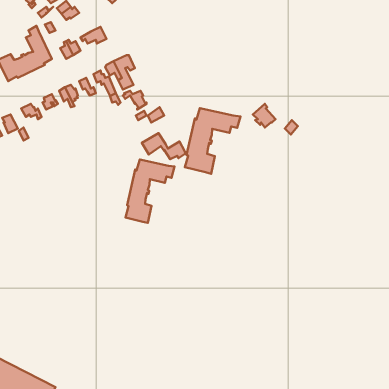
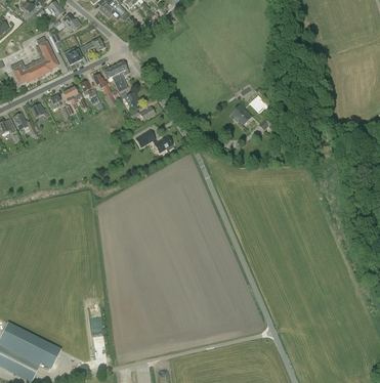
building: [185,108,240,174] -> none
building: [125,159,175,223] -> none

